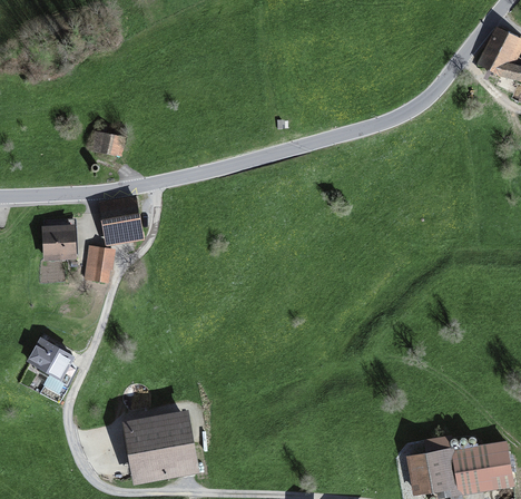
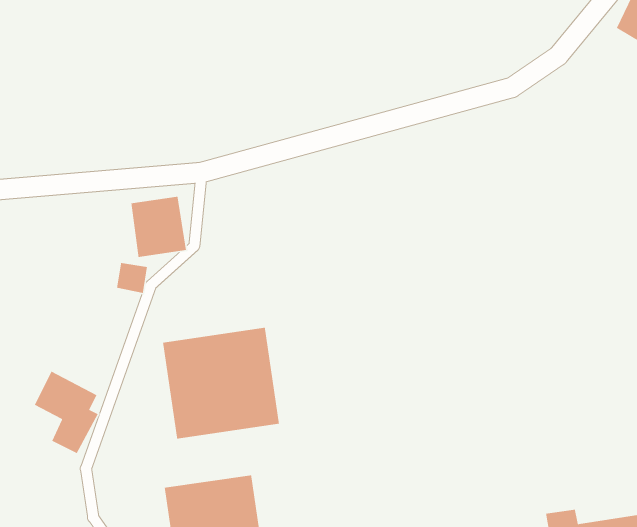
building: [90,130,126,158] -> none
building: [43,226,80,262] -> none
building: none -> [162,327,280,439]

